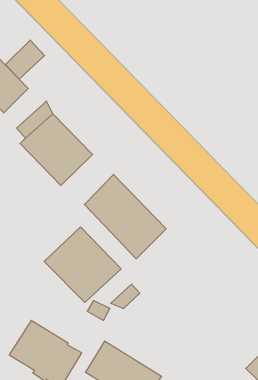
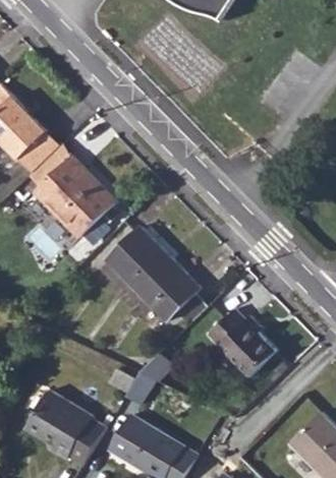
building: [6,40,45,79] -> [16,129,60,173]
building: [44,227,121,302] -> none
building: none -> [211,306,278,373]

